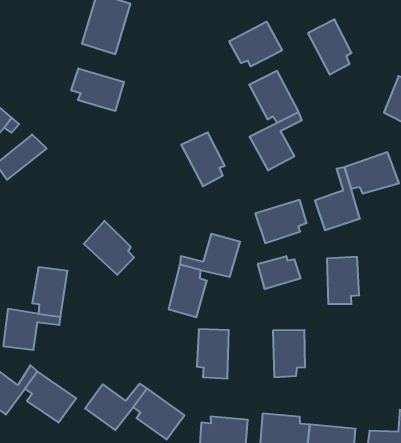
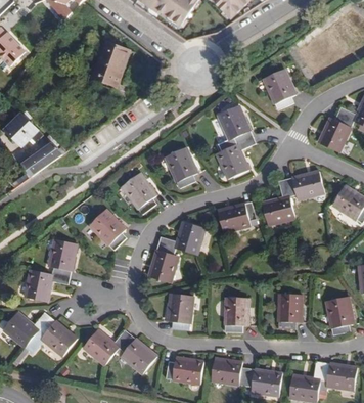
building: [229,22,282,66] -> none
building: [71,68,124,111] -> none
building: none -> [120,172,154,214]
building: [258,256,300,289] -> none
building: [327,257,359,304] -> [277,295,301,329]

